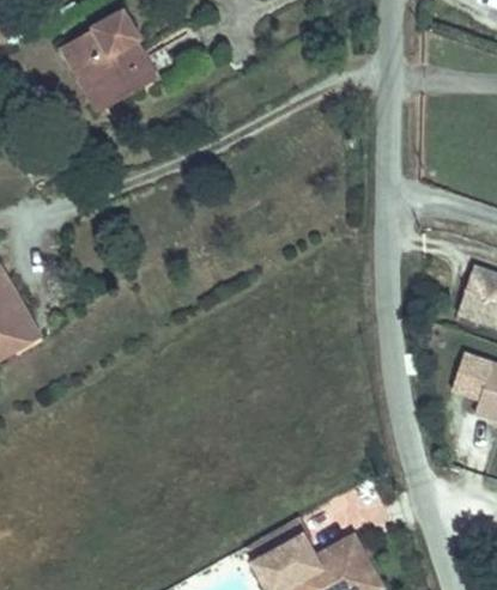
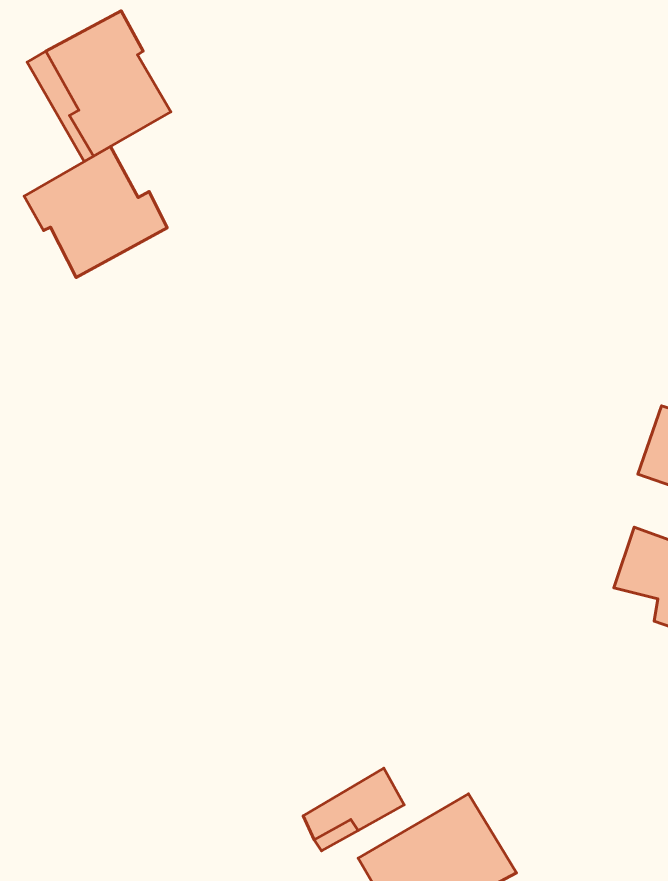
building: none -> [24,146,167,277]

